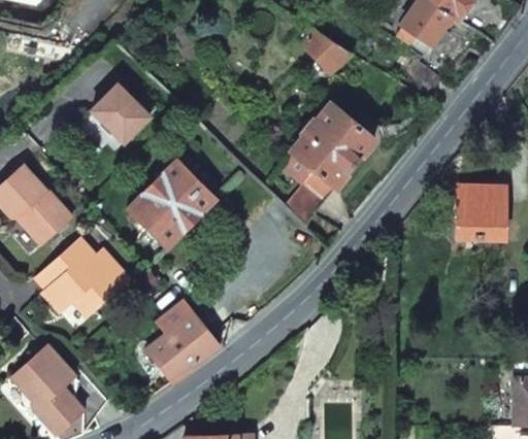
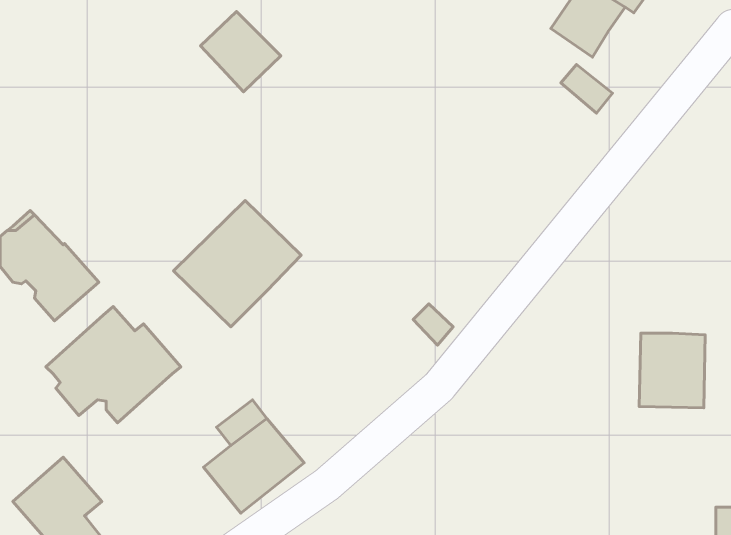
building: [301,26,350,73] -> none
building: [93,85,151,142] -> [200,11,281,92]
building: [264,105,375,227] -> none
building: [458,185,505,239] -> [639,333,705,408]

